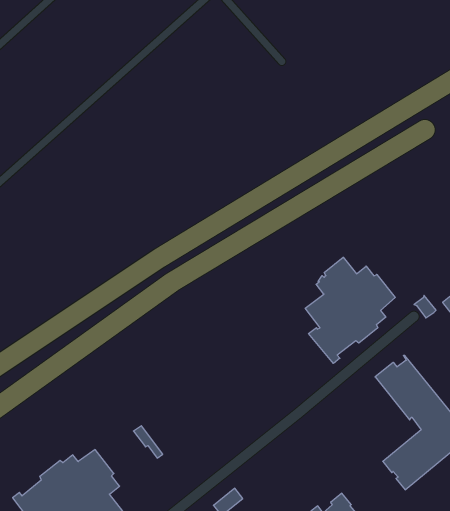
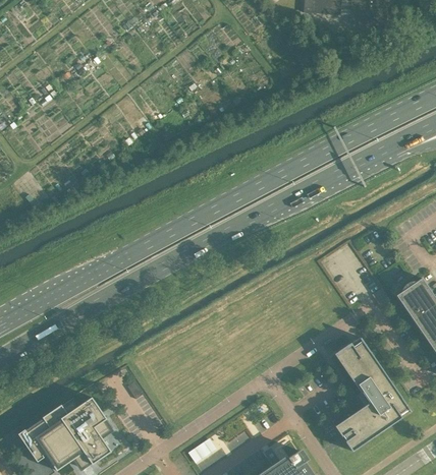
building: [305,257,395,363] -> none

